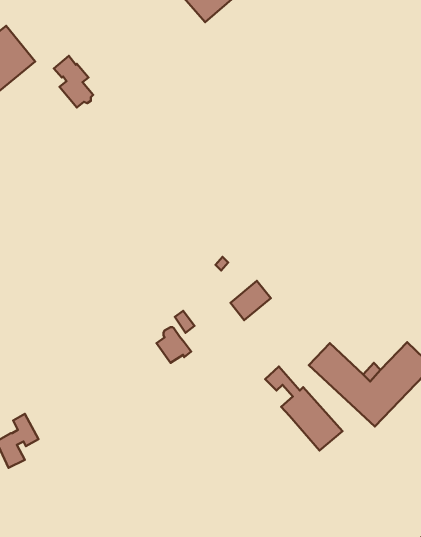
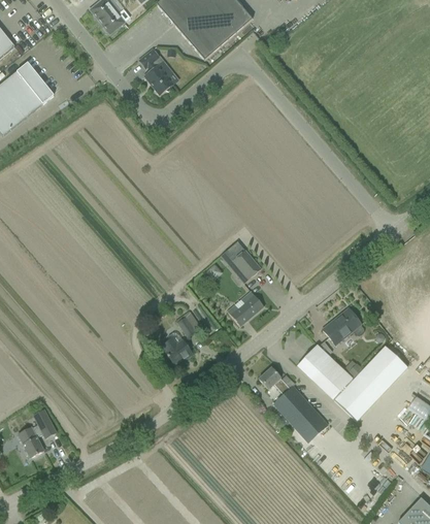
building: [54,56,93,108] -> [139,47,174,94]
building: none -> [228,249,261,282]
building: none -> [323,308,364,343]

